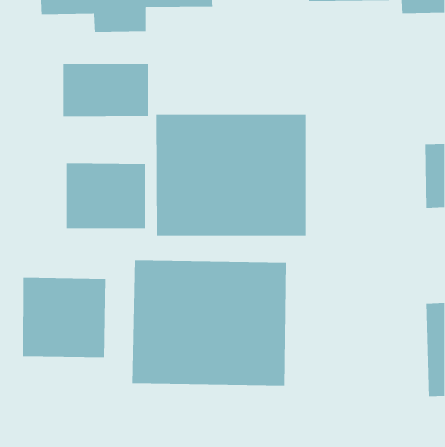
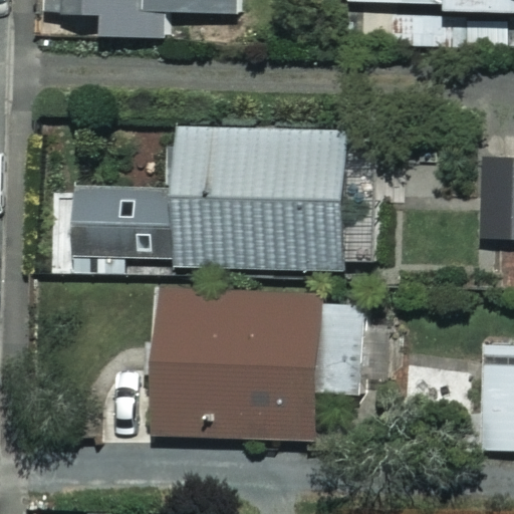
building: [63,63,149,117] -> none
building: [22,277,106,358] -> none

